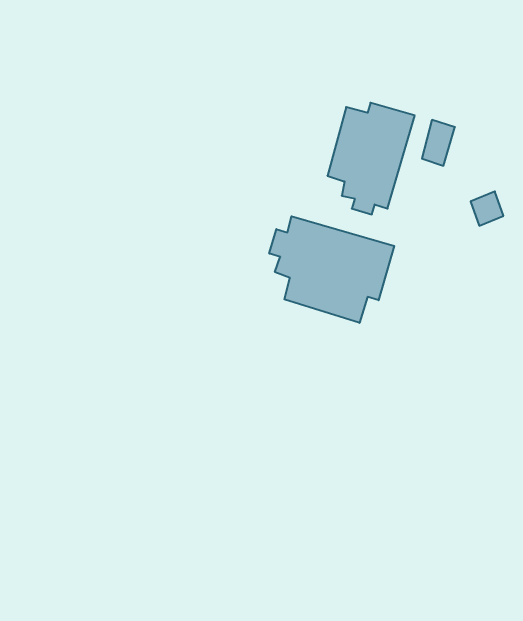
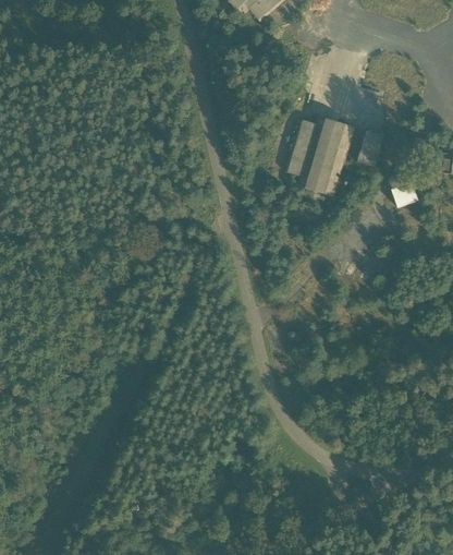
building: [269,216,394,323] -> none

